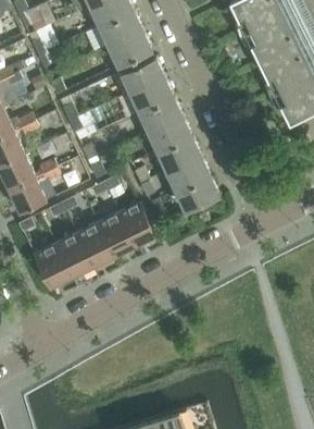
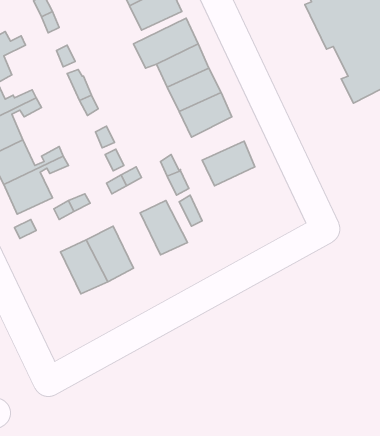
building: [159,136,201,171] -> none
building: [177,176,219,212] -> none
building: [96,213,134,258] -> none
building: [32,245,70,290] -> none

